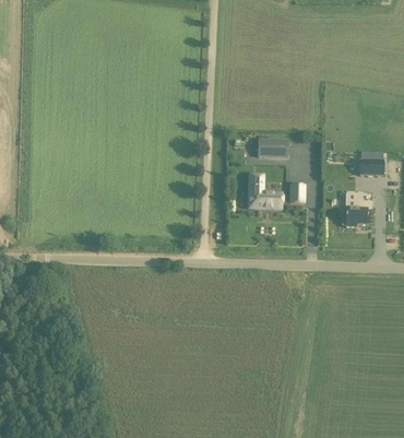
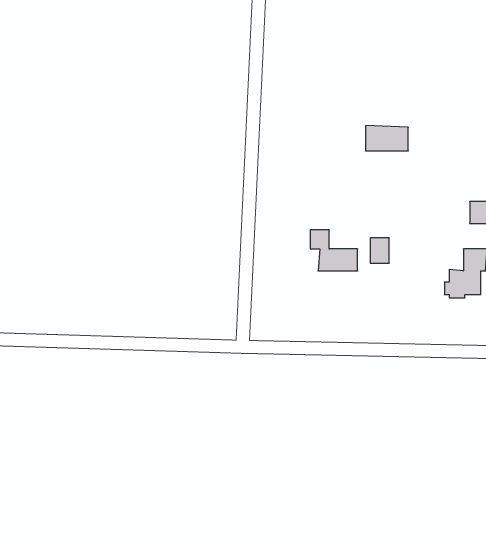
building: [257,137,286,154] -> [366,126,408,151]

